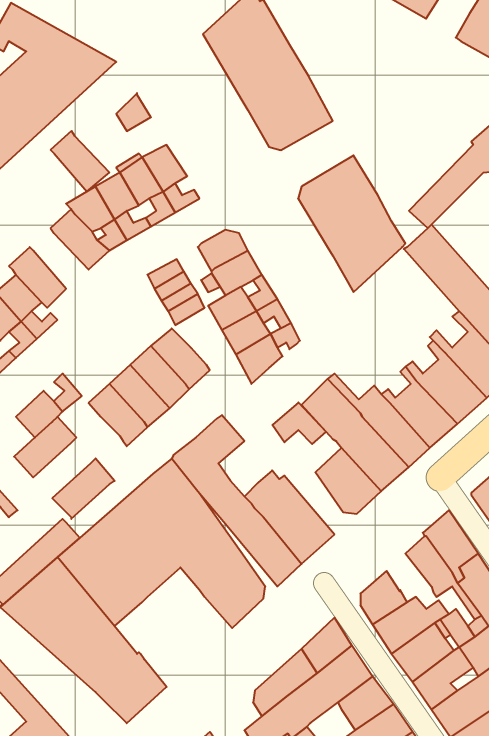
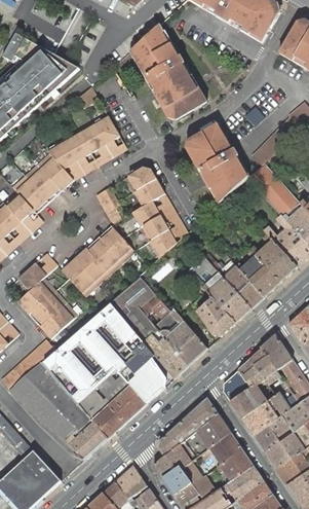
building: [51,131,109,192] -> [26,166,61,202]
building: [272,402,326,444] -> [138,292,169,317]
building: none -> [28,290,65,326]
building: none -> [237,359,265,388]
building: none -> [76,367,146,438]

